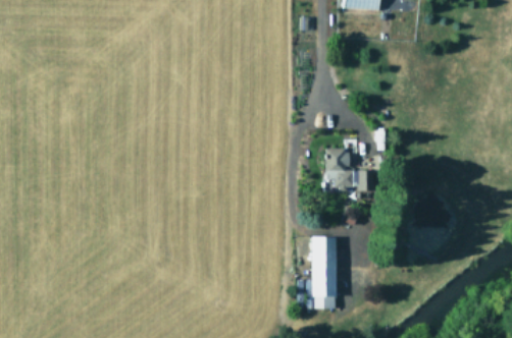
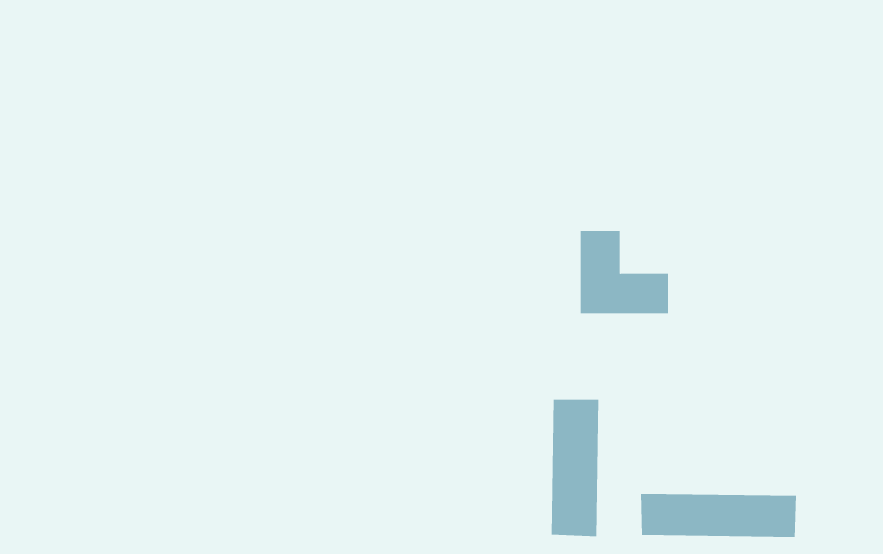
building: none -> [641,493,796,538]

